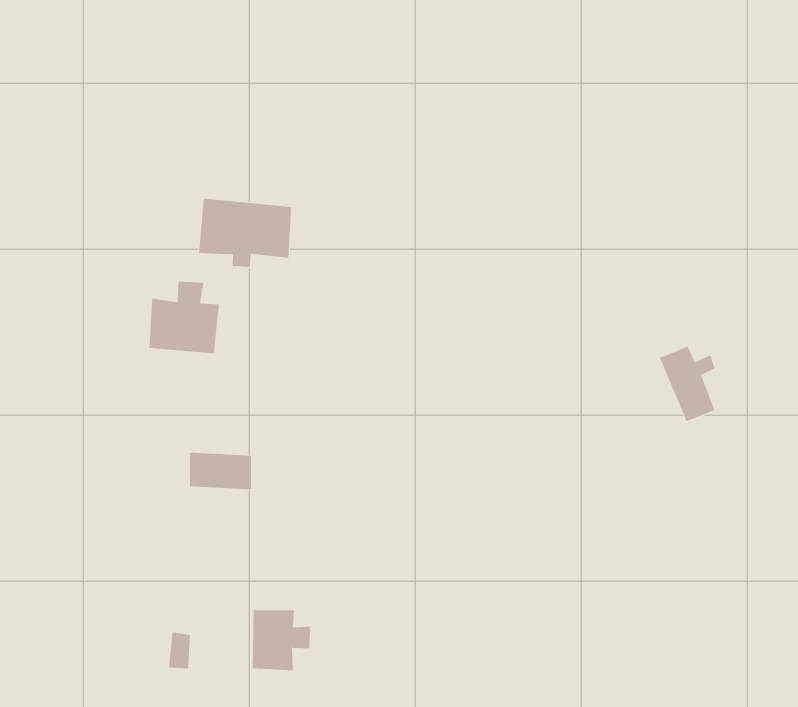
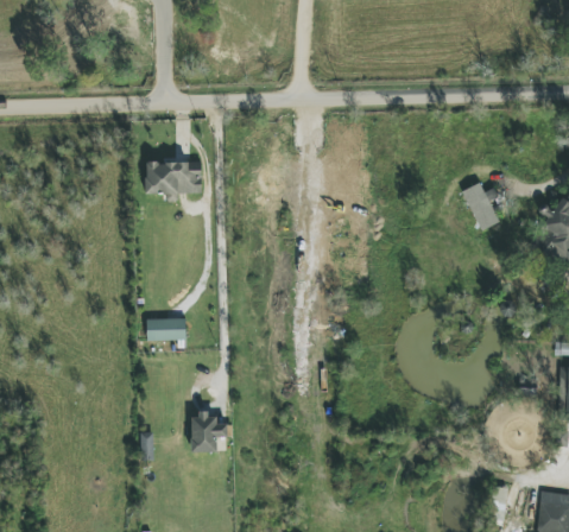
building: [149,281,219,354] -> none
building: [659,346,716,422] -> [462,183,499,230]

